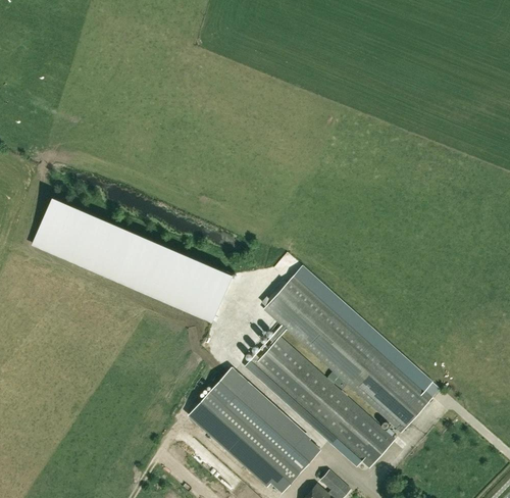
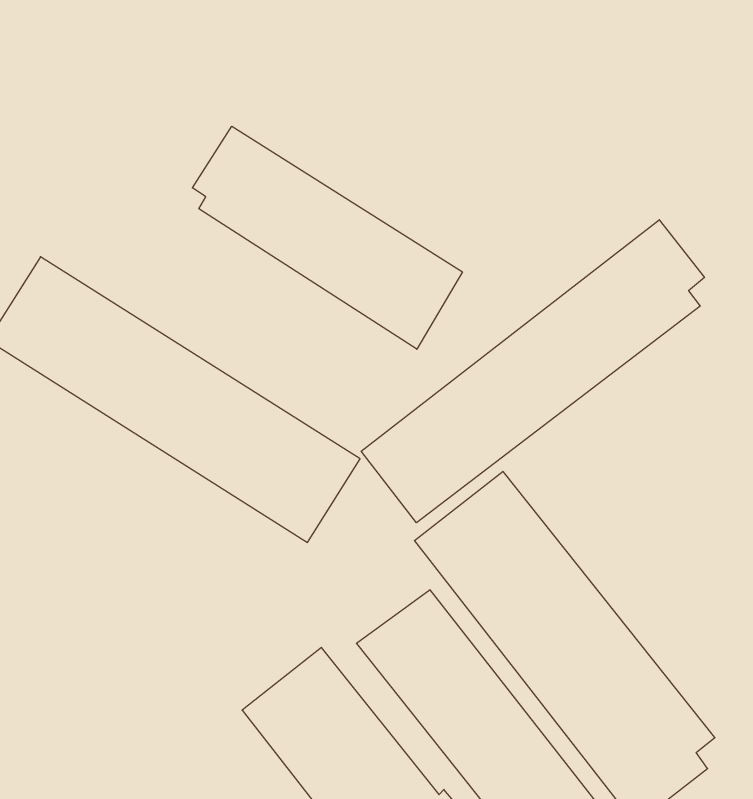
building: none -> [192,126,462,349]
building: none -> [361,220,704,523]

